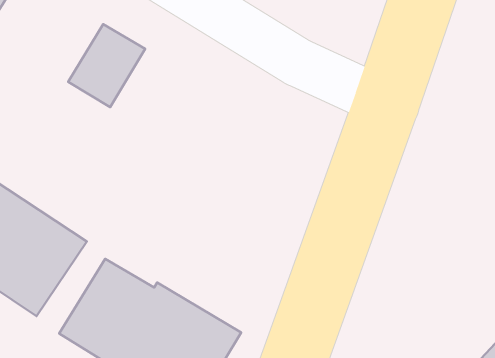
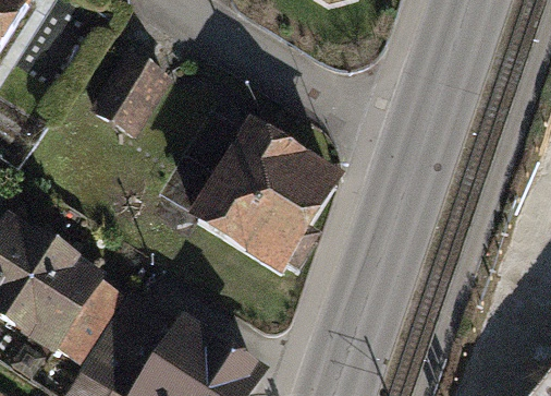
building: none -> [179,117,336,275]

